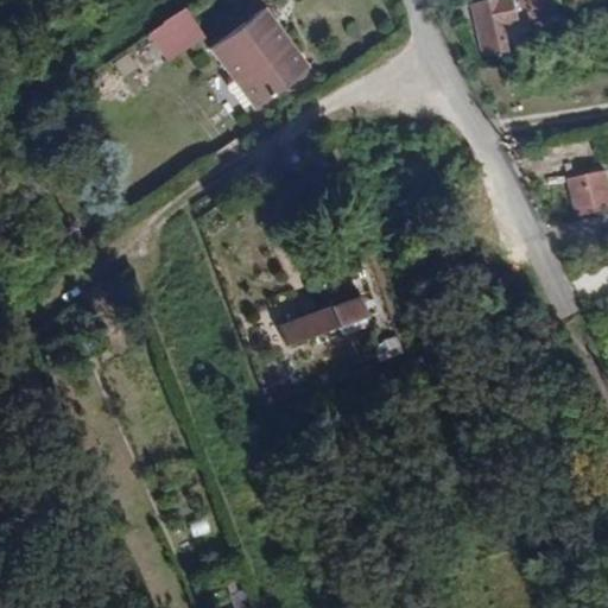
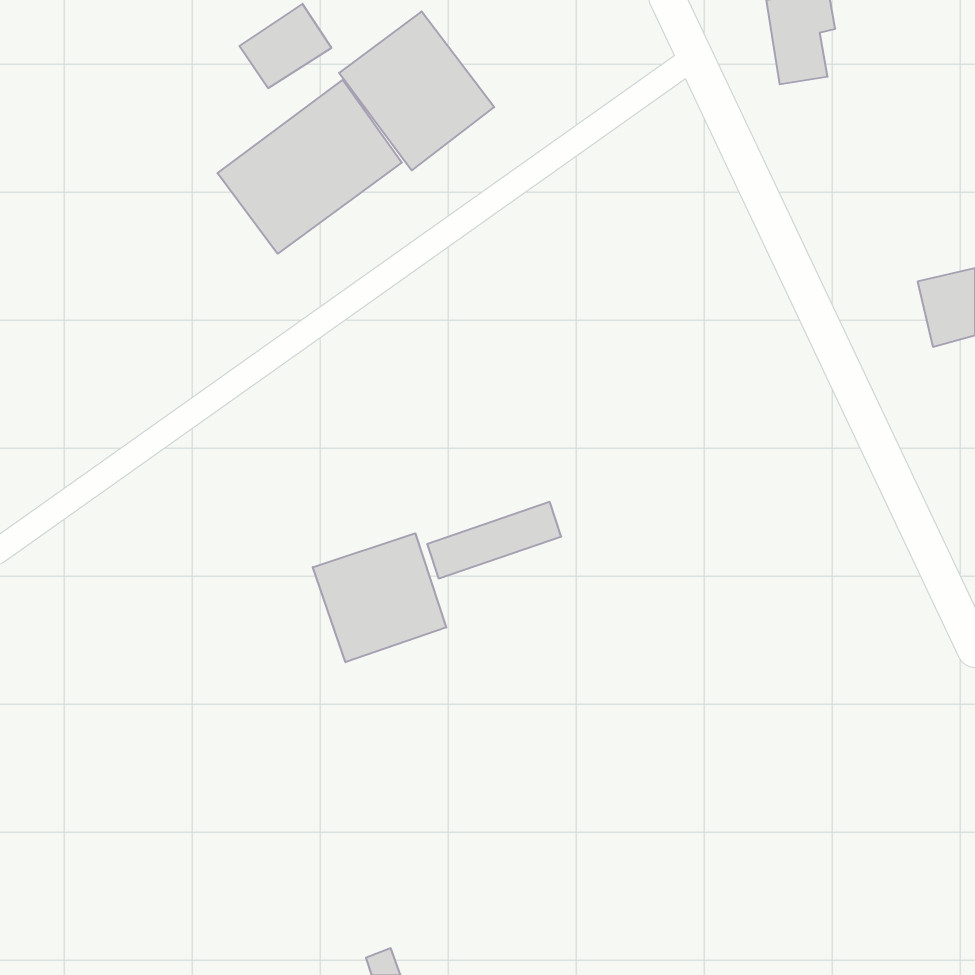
building: none -> [217,80,402,254]
building: none -> [313,533,446,662]

